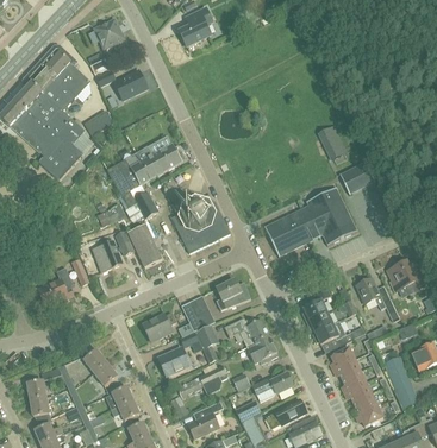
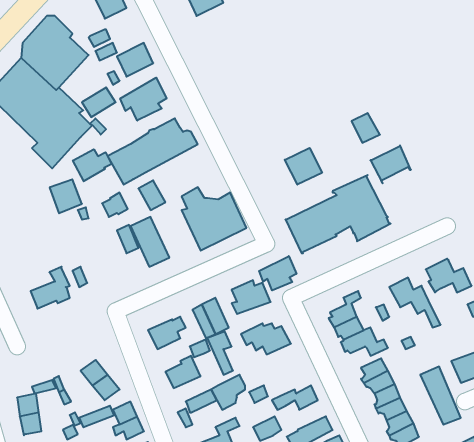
building: none -> [120,78,167,121]
building: none -> [285,148,322,185]
building: none -> [73,149,112,181]
building: [92,241,120,271] -> [50,179,82,213]
building: none -> [259,256,296,290]
building: [246,335,276,364] -> none

